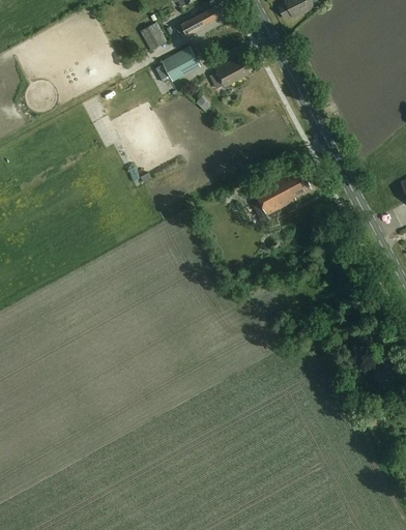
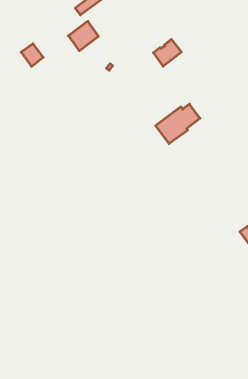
building: [140,23,167,51] -> [21,44,43,66]
building: [215,55,251,87] -> [153,39,181,66]

